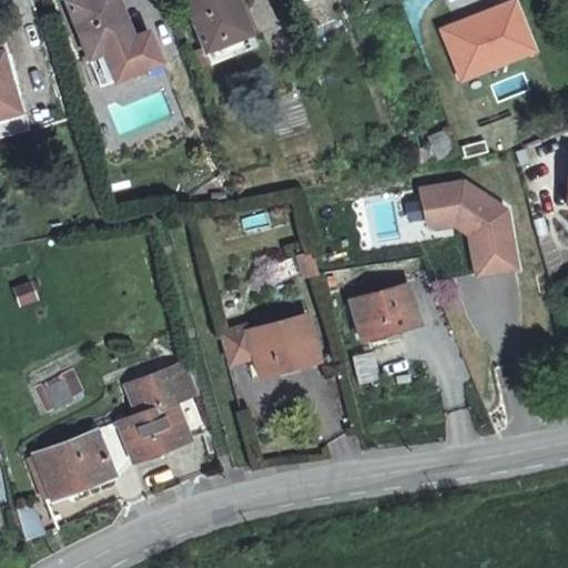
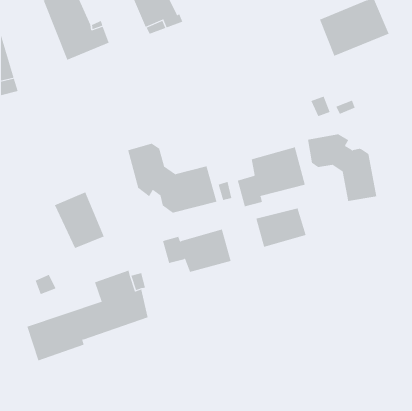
building: none -> [127,143,217,214]
building: none -> [237,147,306,207]
building: none -> [54,192,105,249]

